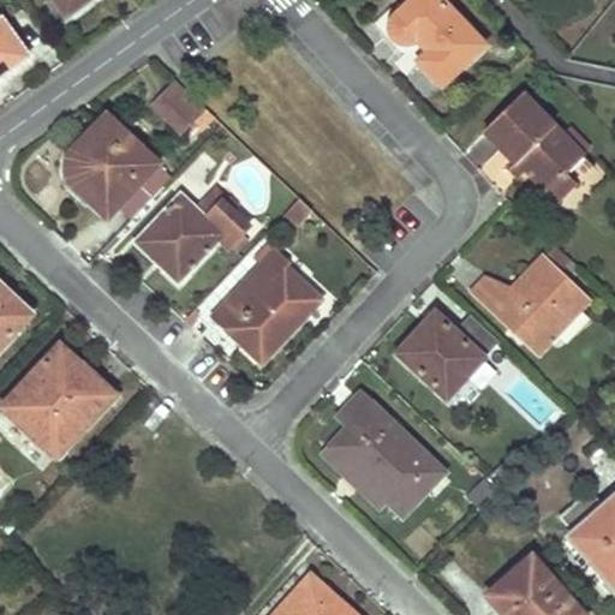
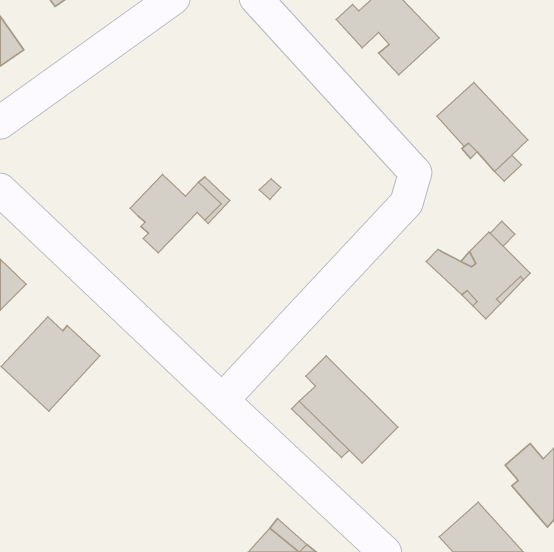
building: [153,82,202,130] -> none
building: [65,124,169,216] -> none
building: [214,250,317,351] -> none
building: [398,312,482,395] -> none

